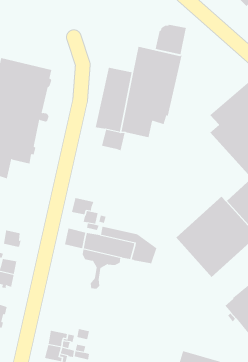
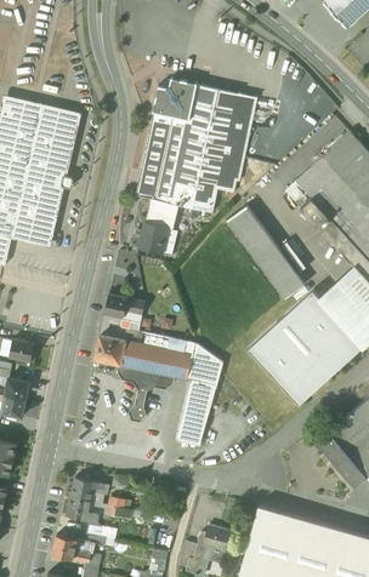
building: [155,24,187,55] -> [153,78,198,120]
building: none -> [227,206,305,299]
building: none -> [140,222,166,253]
building: none -> [176,381,216,447]

